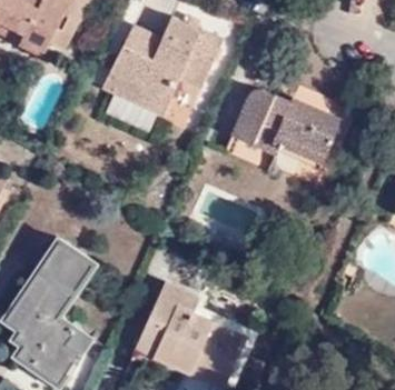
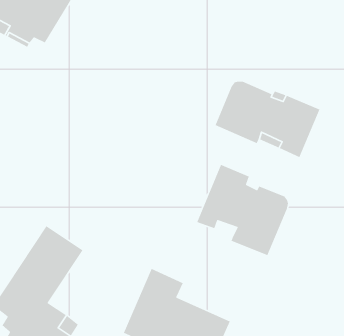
building: [102,17,221,116] -> none
building: none -> [196,164,289,256]

